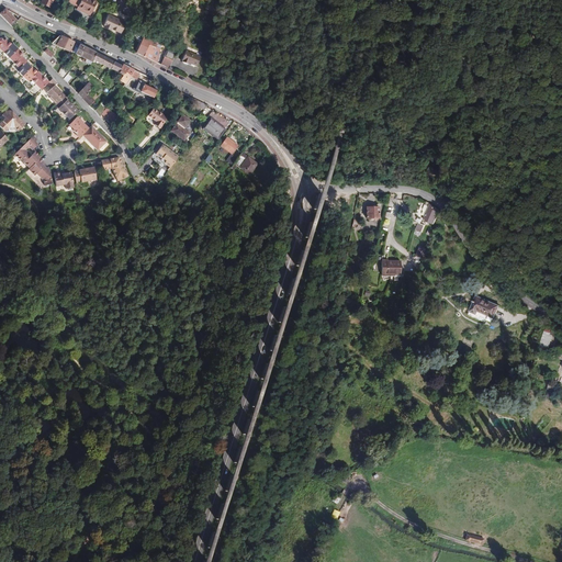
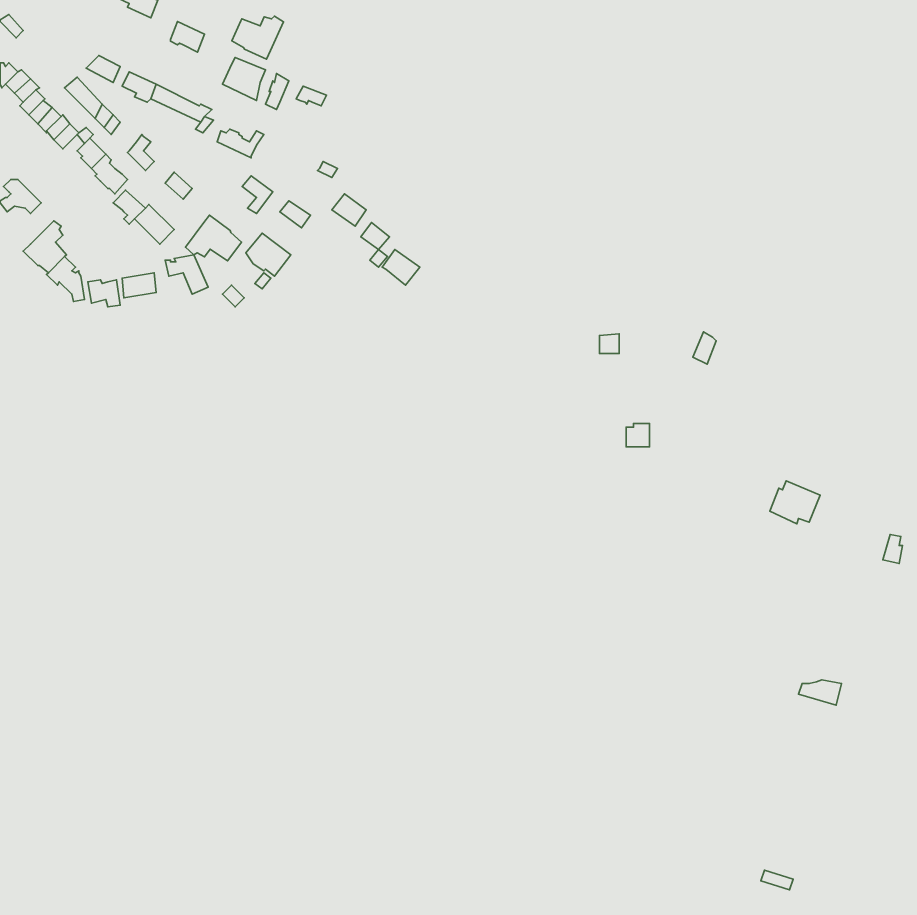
building: none -> [232,16,283,59]
building: none -> [185,215,242,261]

